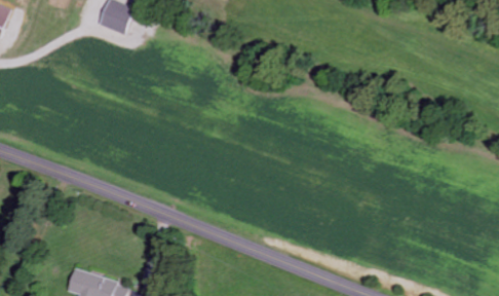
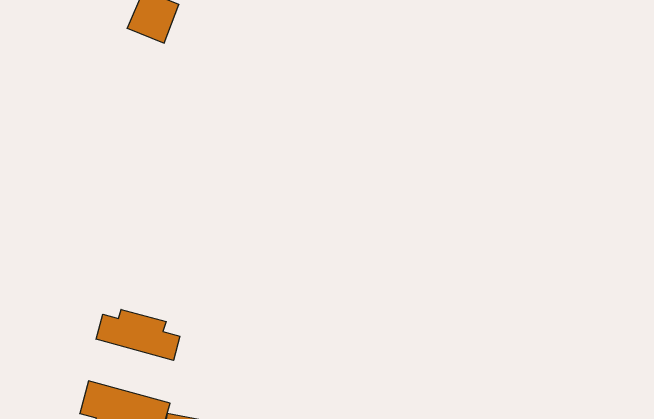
building: none -> [96,309,180,360]

